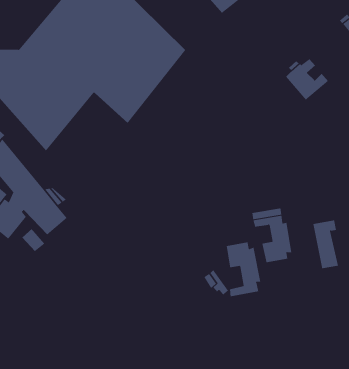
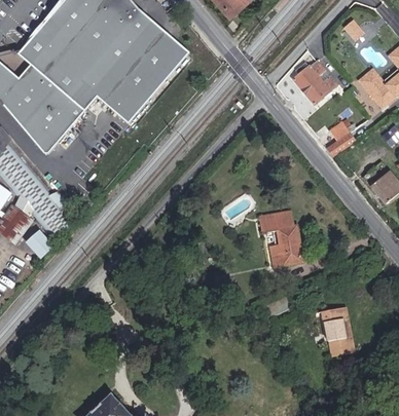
building: none -> [325,123,352,155]
building: [312,220,339,269] -> [321,307,348,356]
building: [226,242,261,297] -> none

